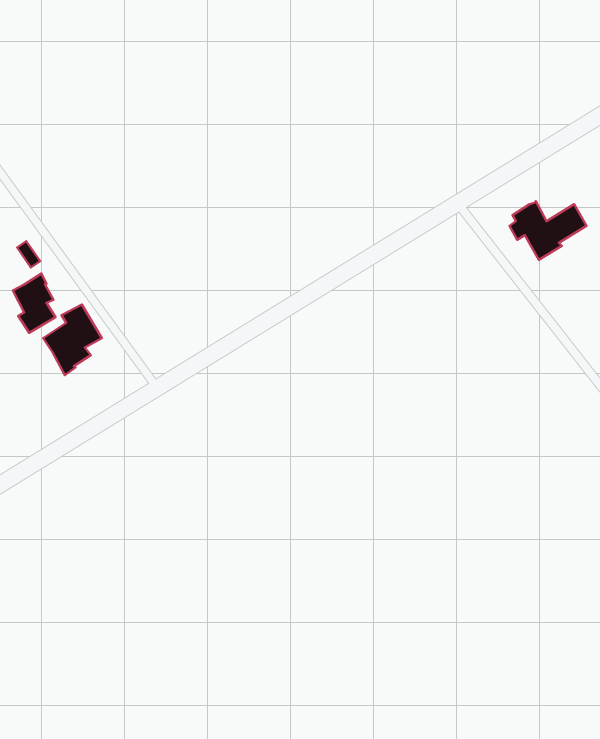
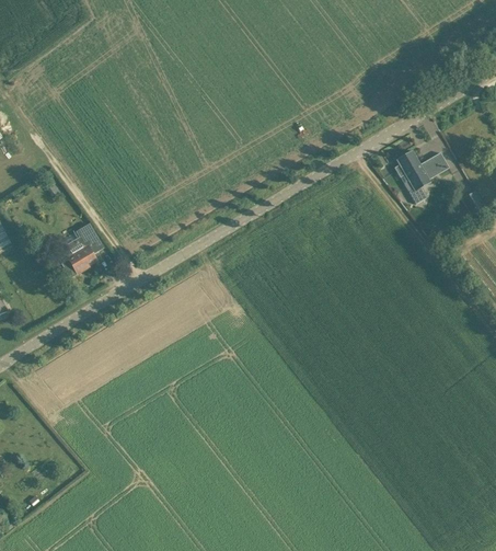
building: [13,273,55,333] -> none

